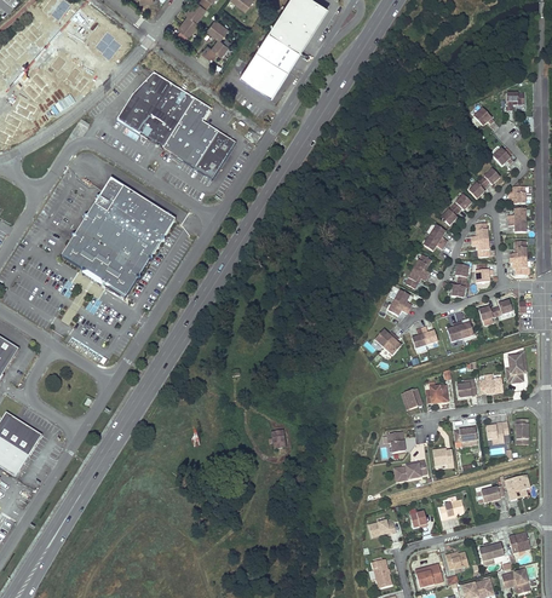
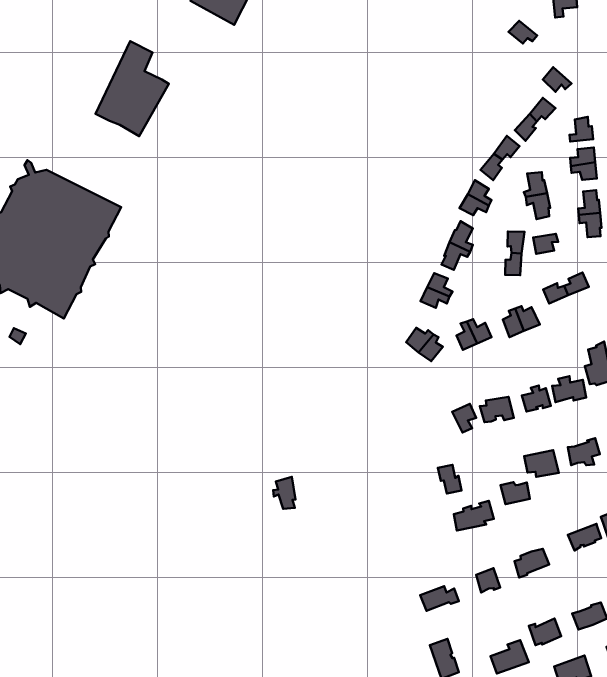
building: [116,71,194,148] -> none
building: [194,131,235,178] -> none

